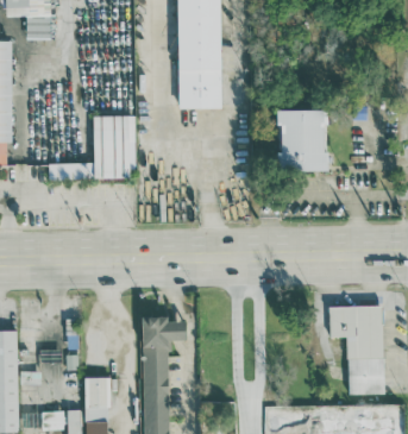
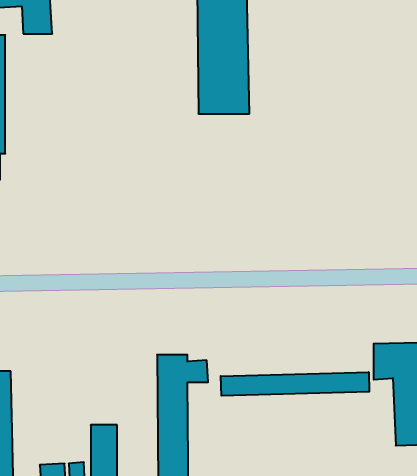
building: [278,109,328,171] -> none
building: [49,115,137,180] -> none
building: none -> [221,372,369,396]

